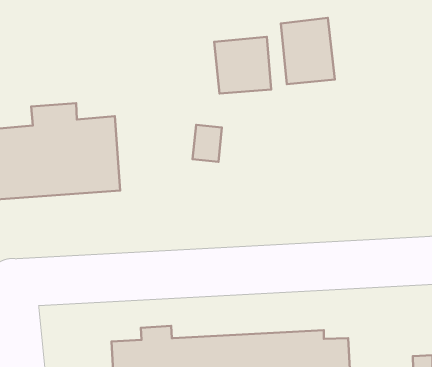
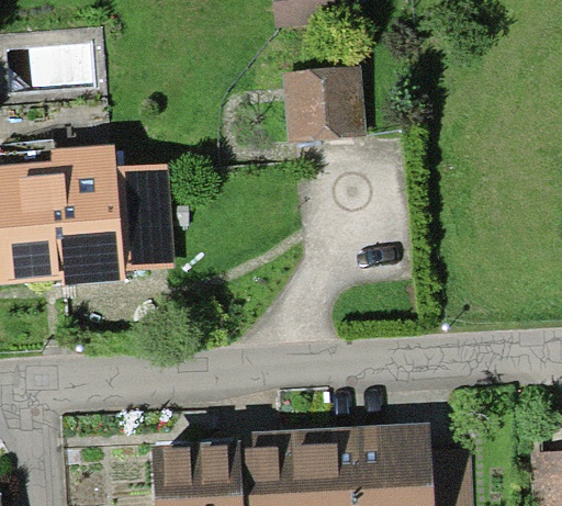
building: [281,18,335,84] -> none

